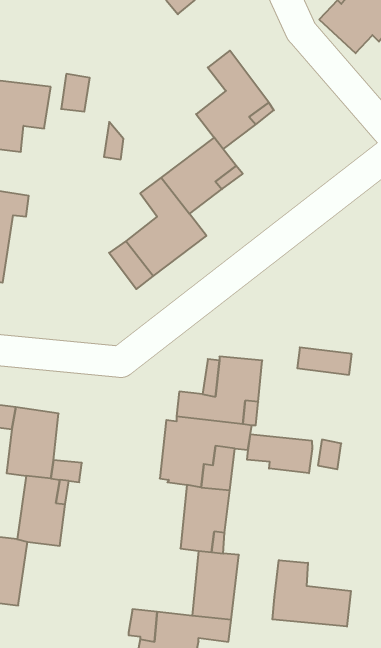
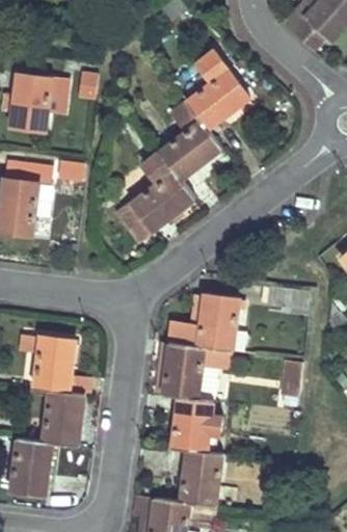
building: [247,434,312,473] -> none
building: [272,560,351,627] -> none

